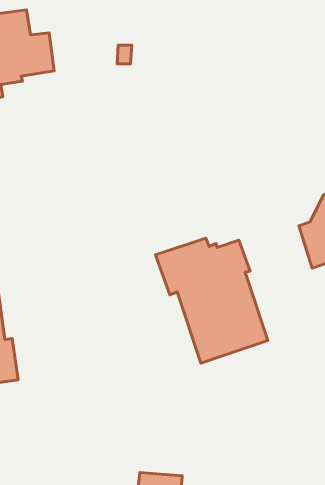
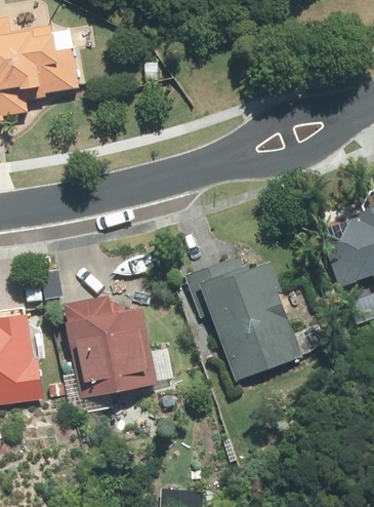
building: none -> [61,295,158,400]

